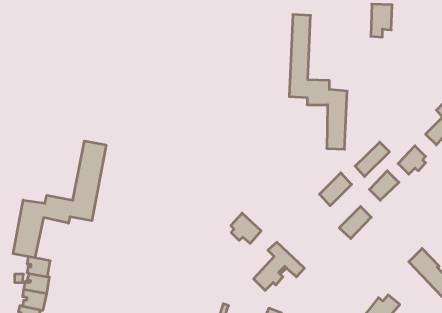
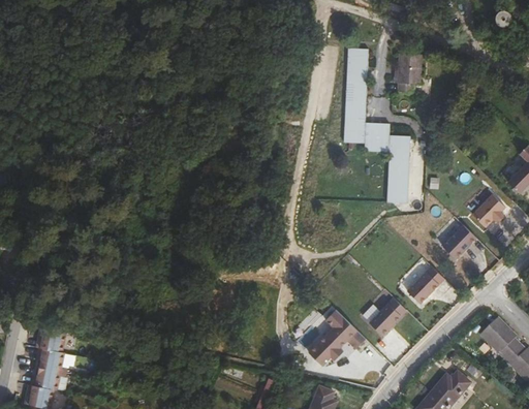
building: [371,4,392,37] -> [398,53,423,91]
building: [13,141,106,258] -> none
building: [355,142,389,177] -> none
building: [319,173,352,206] -> [365,298,402,337]
building: [231,213,261,243] -> none

